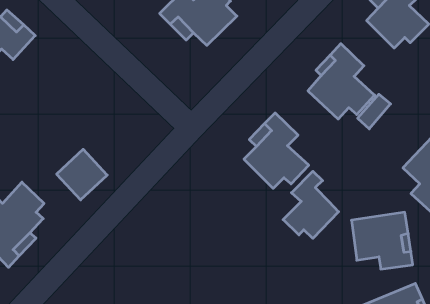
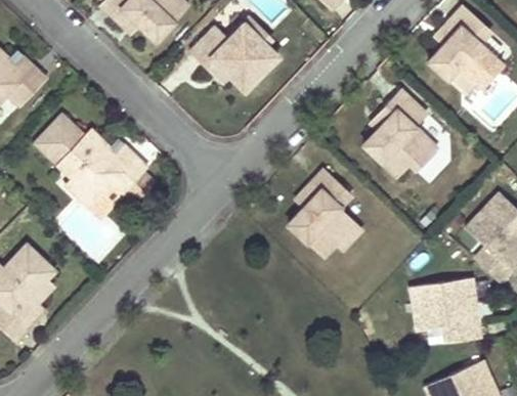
building: none -> [34,115,155,206]
building: [283,171,339,238] -> none

